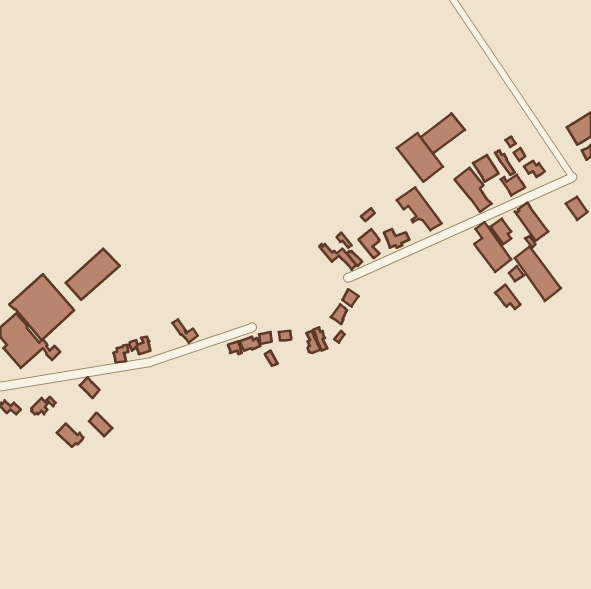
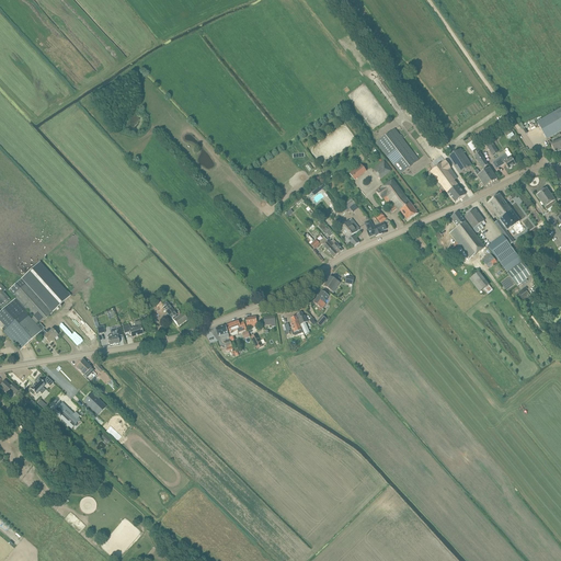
building: [421,113,465,154] -> none
building: [66,249,120,300] -> none

